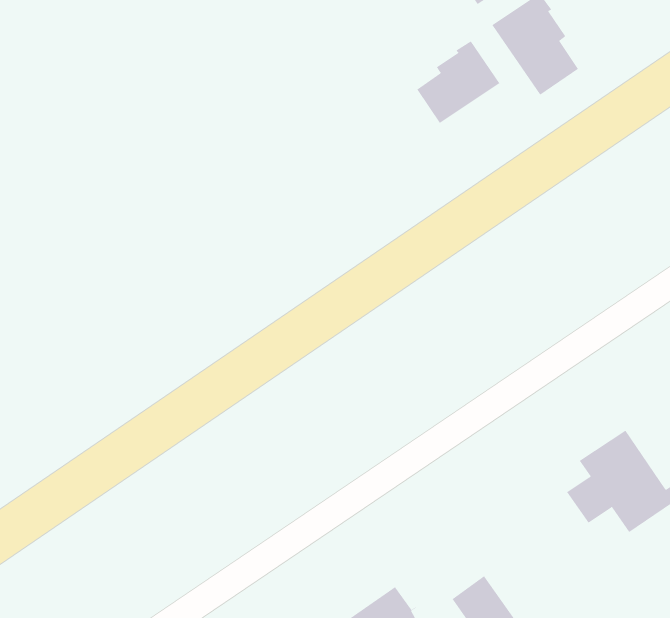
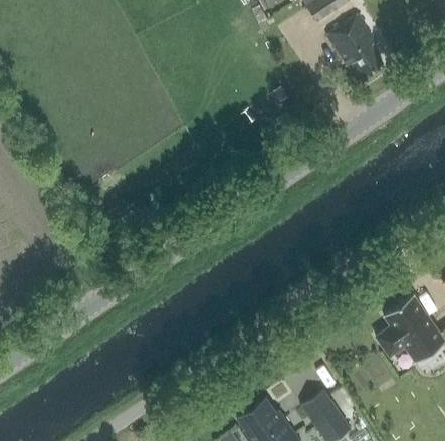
building: [416,41,500,124] -> none

